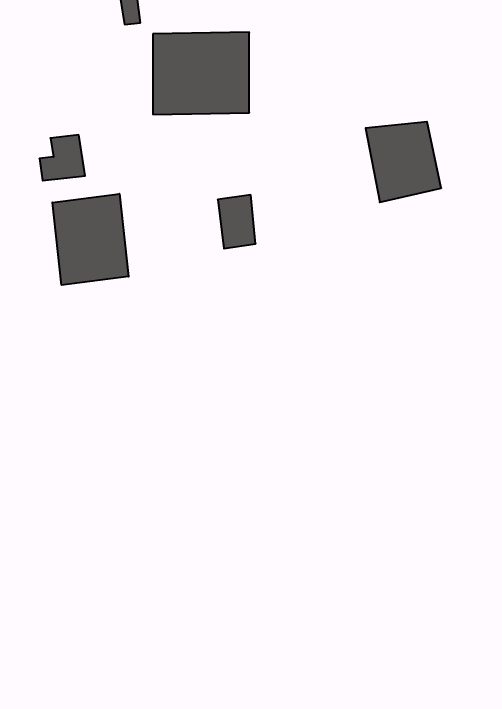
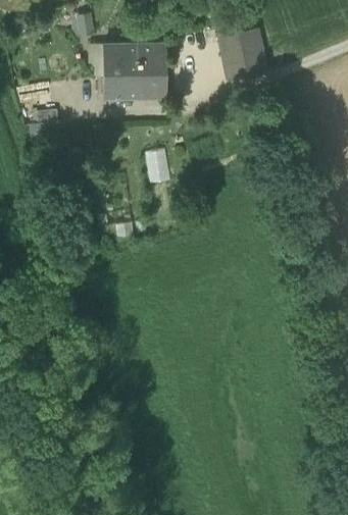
building: [366,122,441,202] -> [216,29,265,81]
building: [52,194,129,285] -> none

